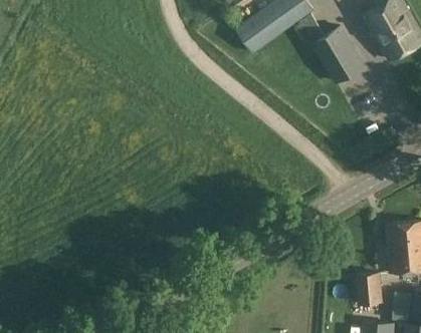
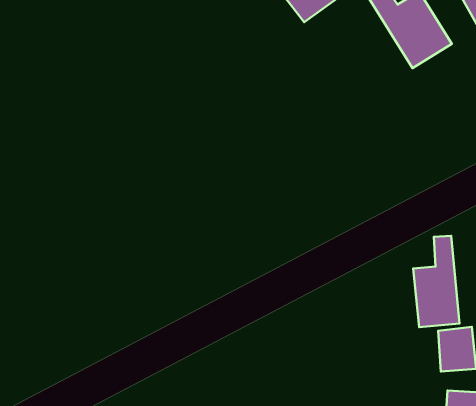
building: none -> [413,236,460,327]

